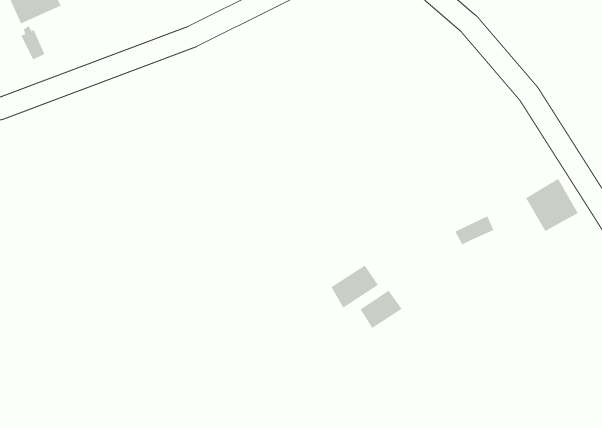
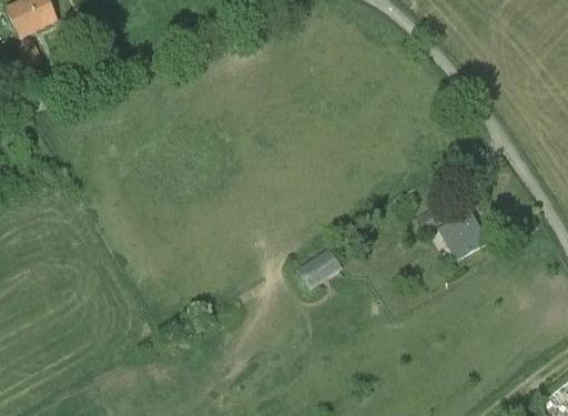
building: [525,178,578,232] -> [439,210,487,257]
building: [360,290,402,329] -> none

